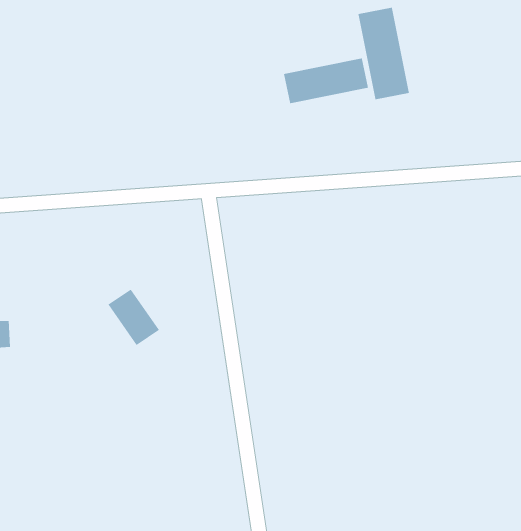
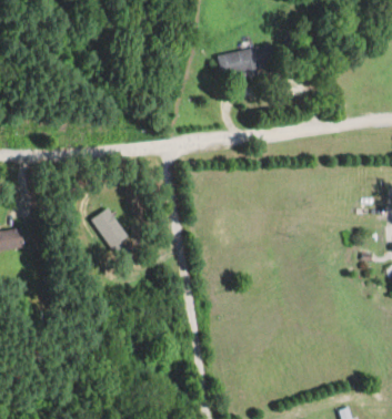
building: [358,7,409,100] -> none

